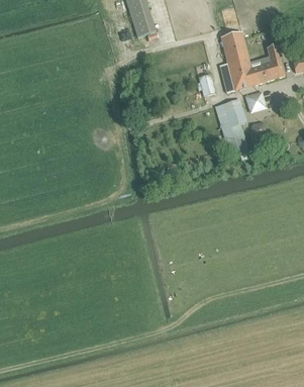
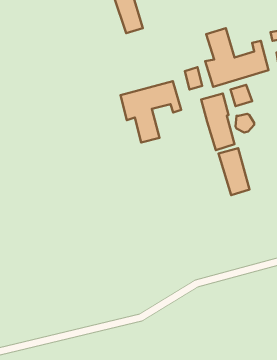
building: none -> [120,81,181,143]
building: none -> [219,148,249,195]

